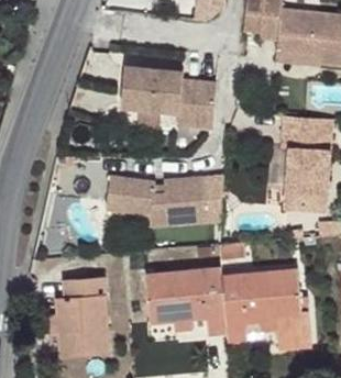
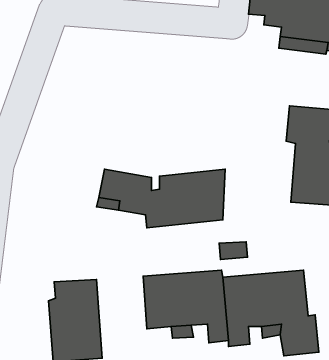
building: [121,66,217,129] -> none

